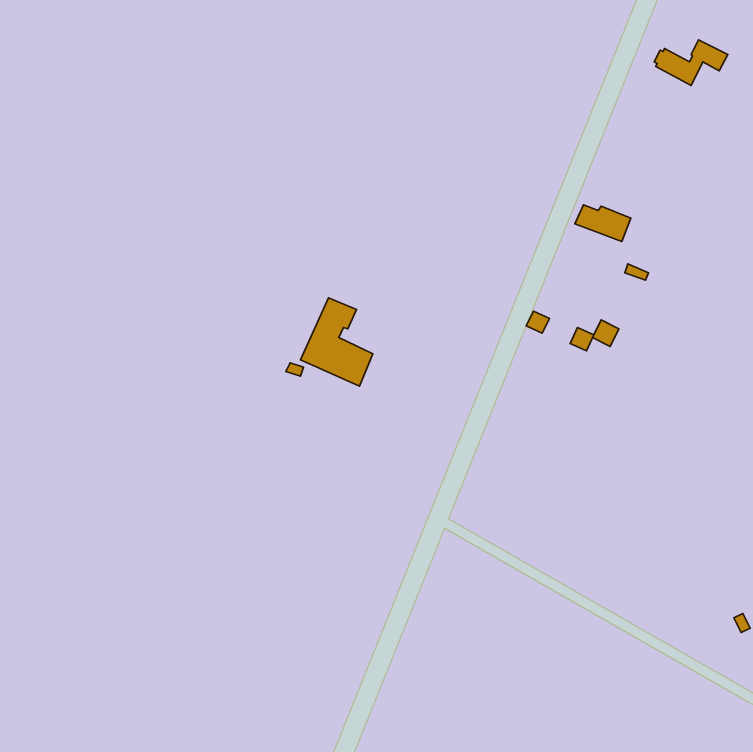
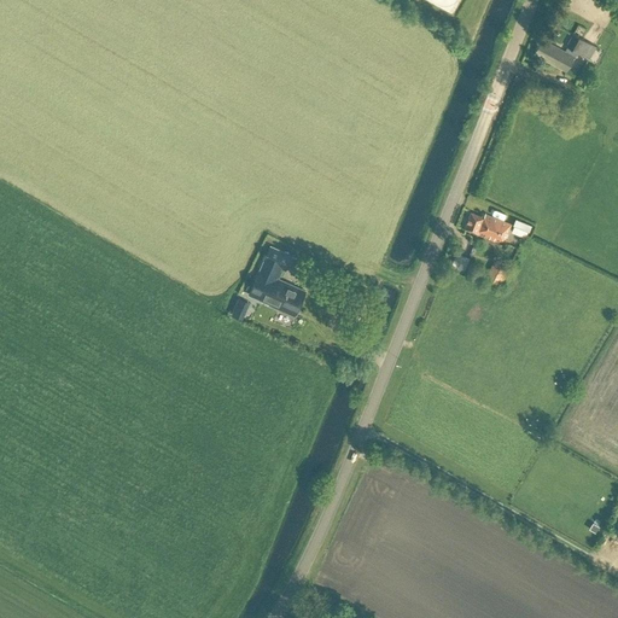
building: [575,205,631,242] -> [464,212,509,243]

